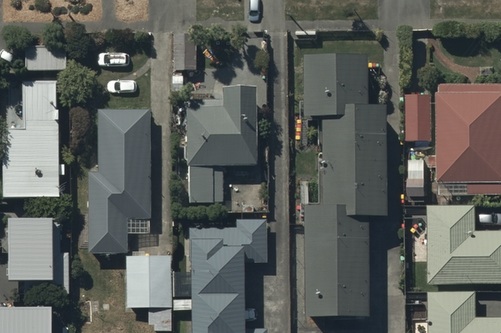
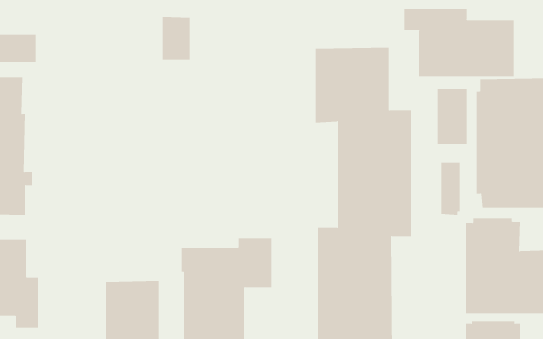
building: none -> [404,8,514,77]
building: [187,88,255,203] -> none
building: [88,108,149,252] -> none

